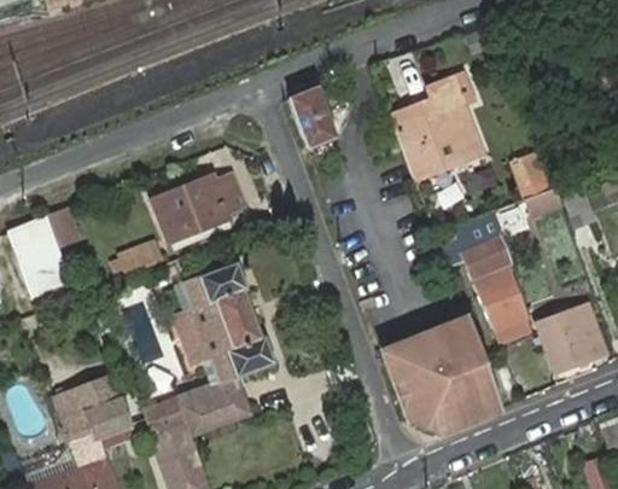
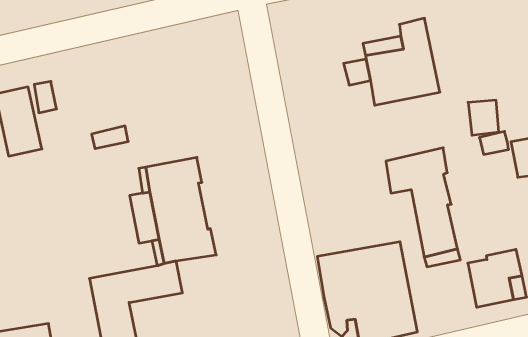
building: [291,88,334,147] -> none
building: [154,175,250,241] -> none
building: [58,382,126,449] -> none

